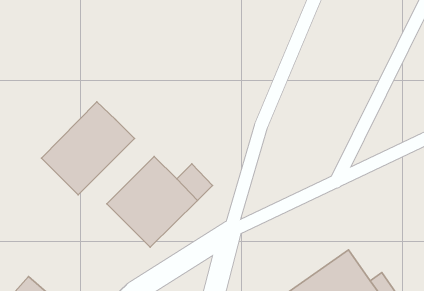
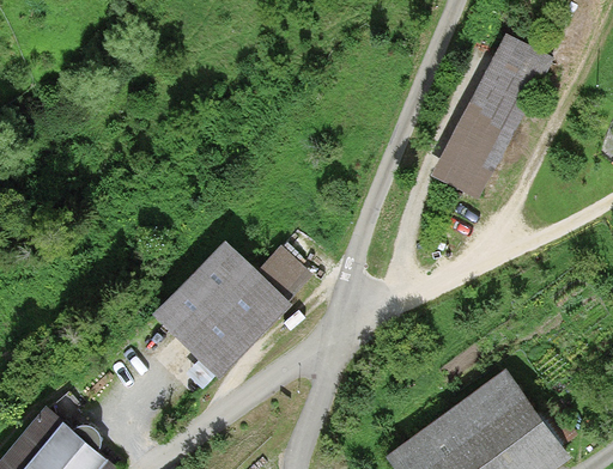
building: none -> [433,41,548,197]
building: [41,102,135,195] -> none

